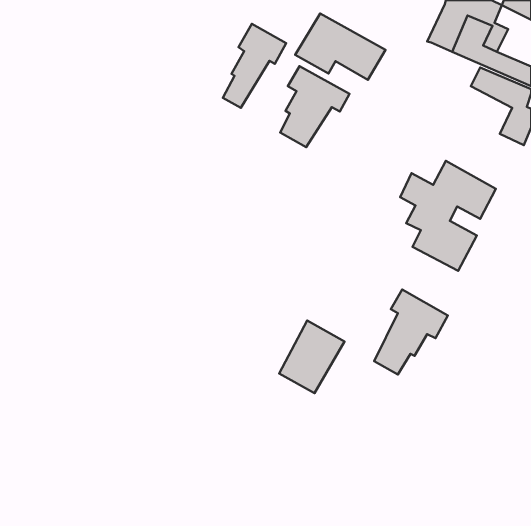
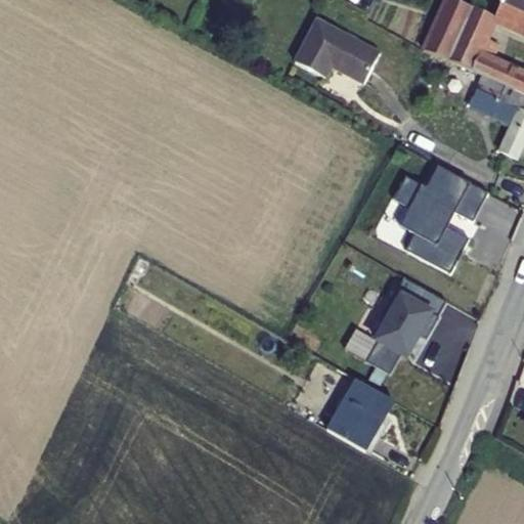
building: [223,24,286,108] -> none
building: [280,66,349,147] -> none
building: [279,321,345,393] -> [336,380,400,451]

